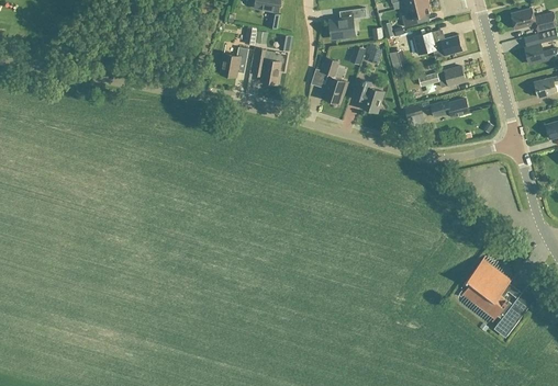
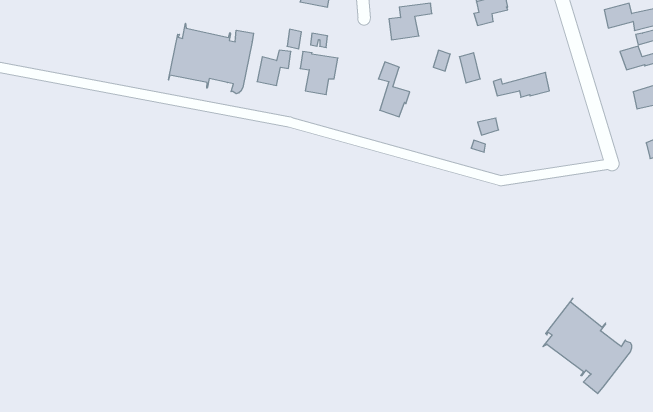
building: none -> [169,23,254,94]
building: [412,32,460,55] -> none
building: [353,78,382,112] -> none
building: [429,99,467,116] -> none

